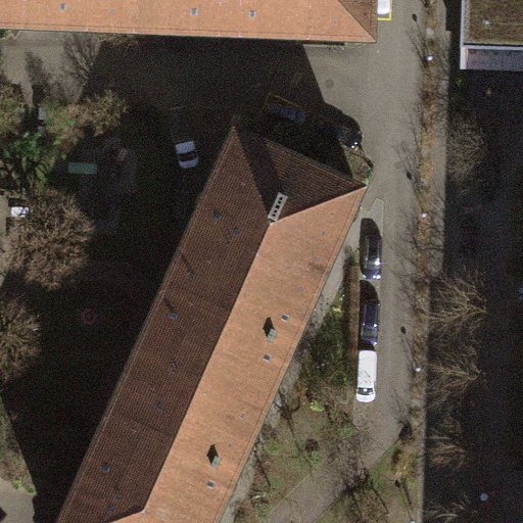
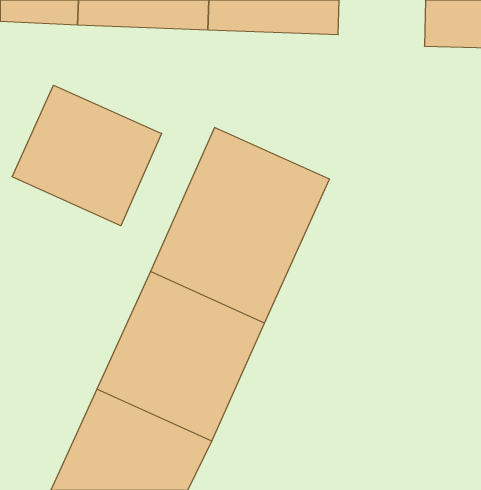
building: none -> [12,85,162,226]

